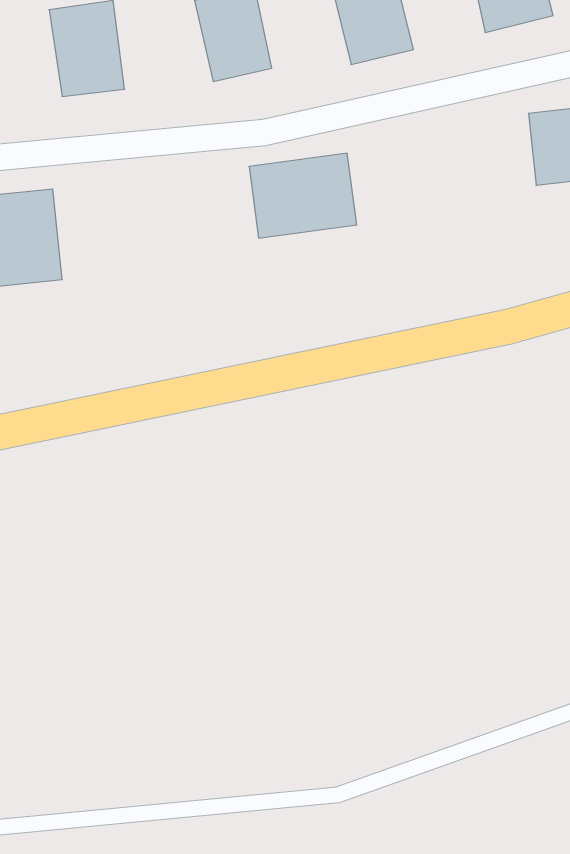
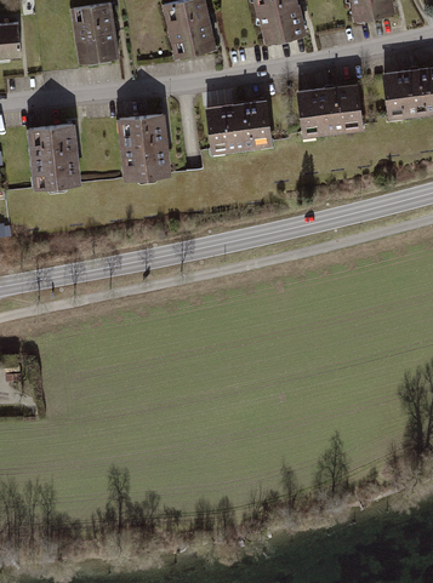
building: none -> [296,85,360,135]
building: none -> [118,112,171,178]

